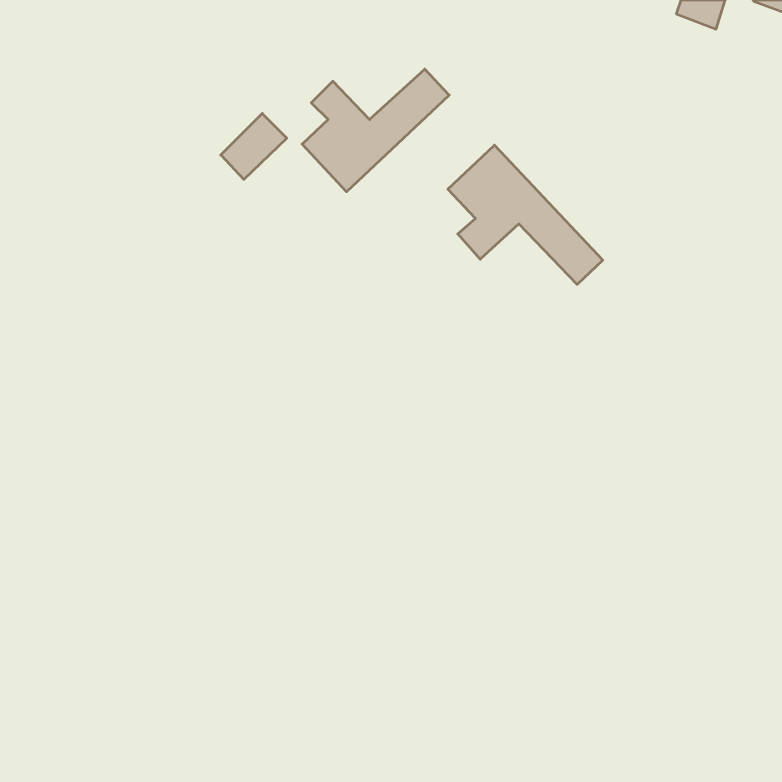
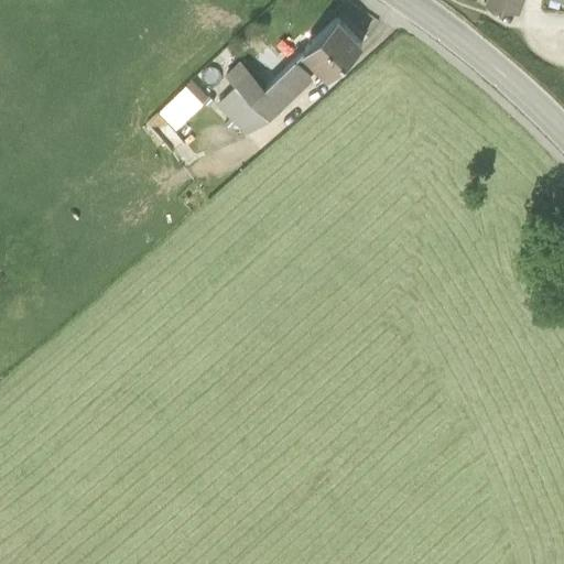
building: none -> [306,18,366,77]
building: [448,145,603,284] -> none

